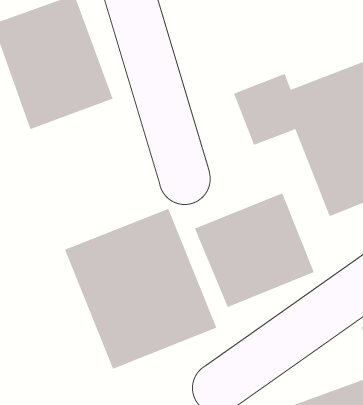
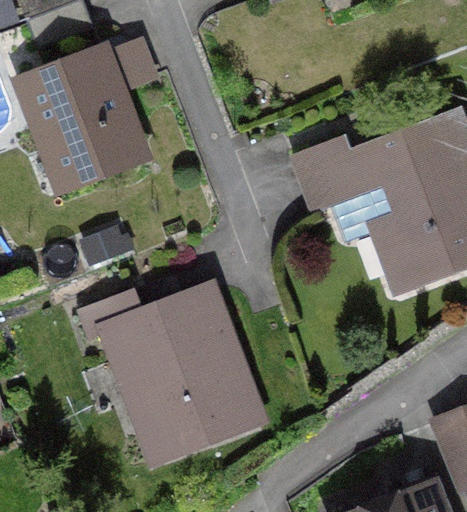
building: [194,192,315,308] -> none

